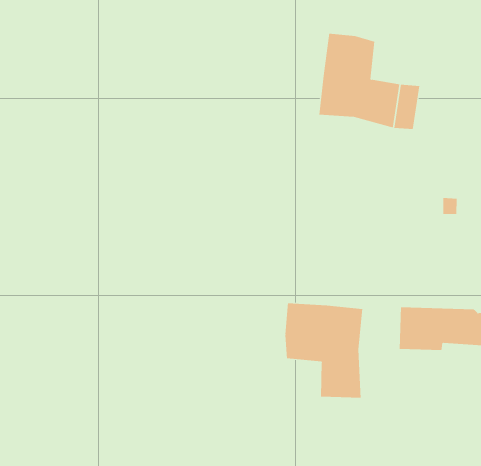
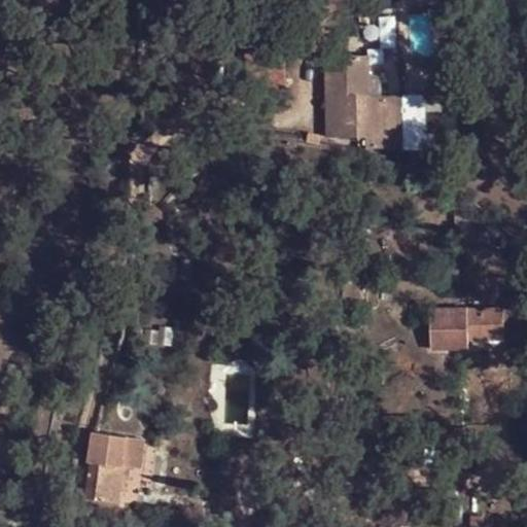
building: [285,302,363,399] -> none
building: none -> [86,429,151,503]

